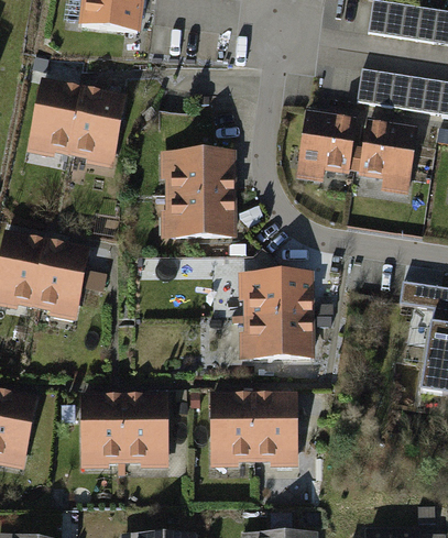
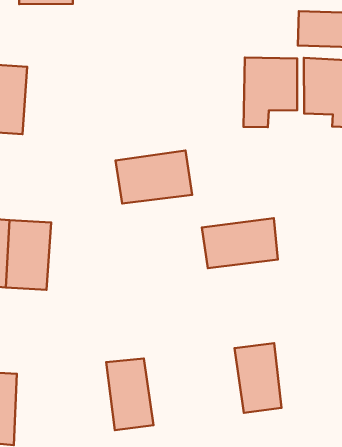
building: [70,88,124,164] -> none
building: [160,153,232,194] -> none
building: [240,314,313,359] -> none
building: [84,395,125,464] -> none
building: [216,397,258,463] -> none

